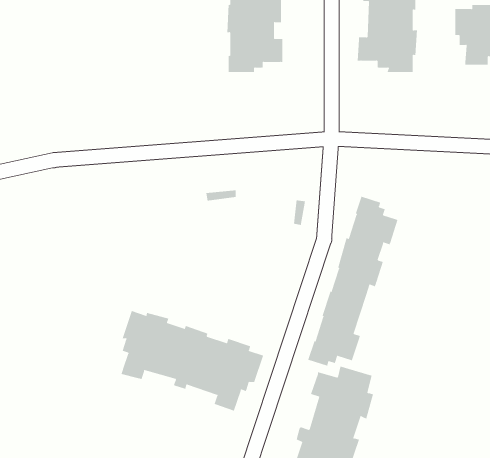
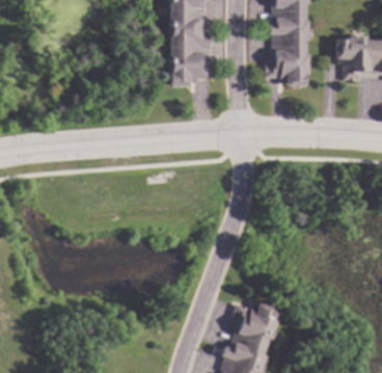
building: [308,196,398,366] -> none
building: [121,310,264,411] -> none

